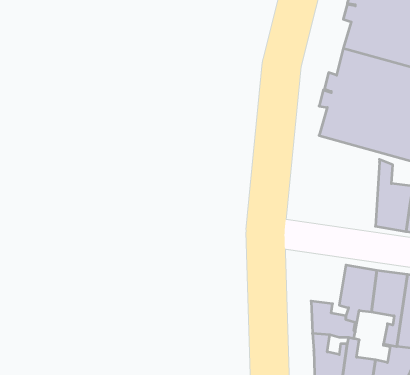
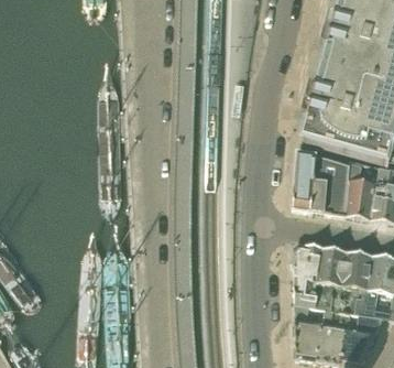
building: none -> [293,150,350,214]
building: none -> [294,242,322,279]

